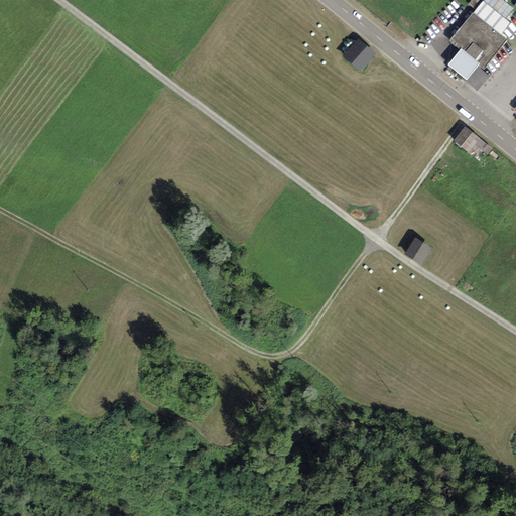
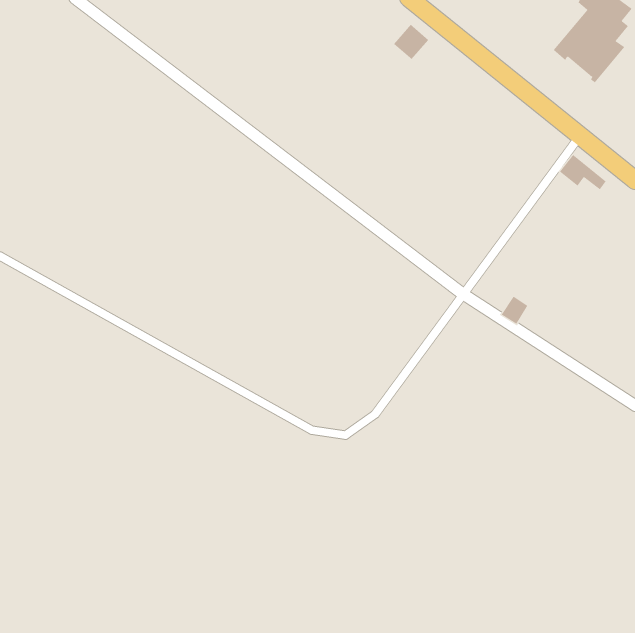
building: [344,40,373,70] -> [393,24,429,60]
building: [447,46,480,79] -> none

